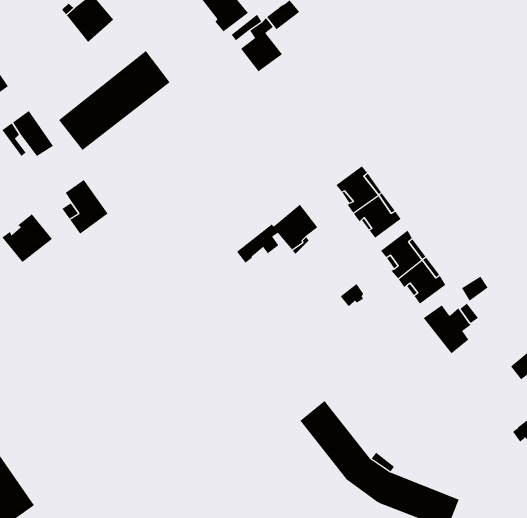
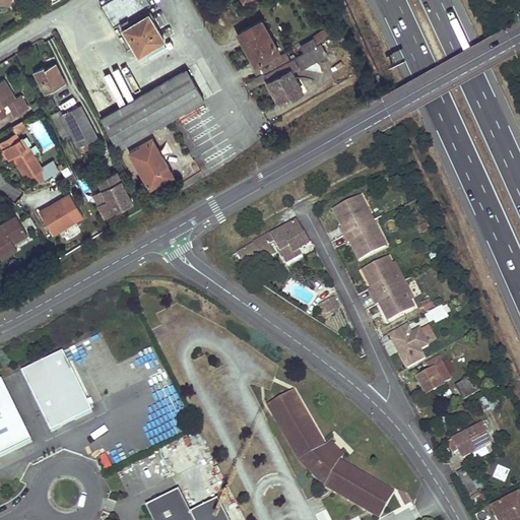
building: none -> [130,137,175,187]
building: none -> [416,356,450,395]
building: none -> [19,353,90,433]

